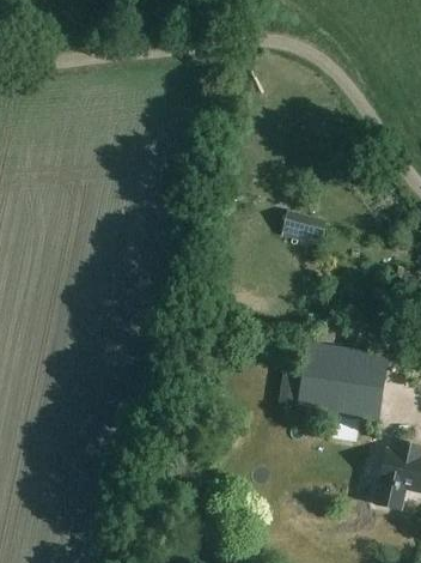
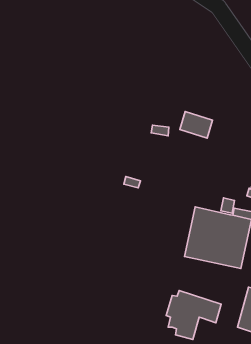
building: none -> [166,290,221,340]

